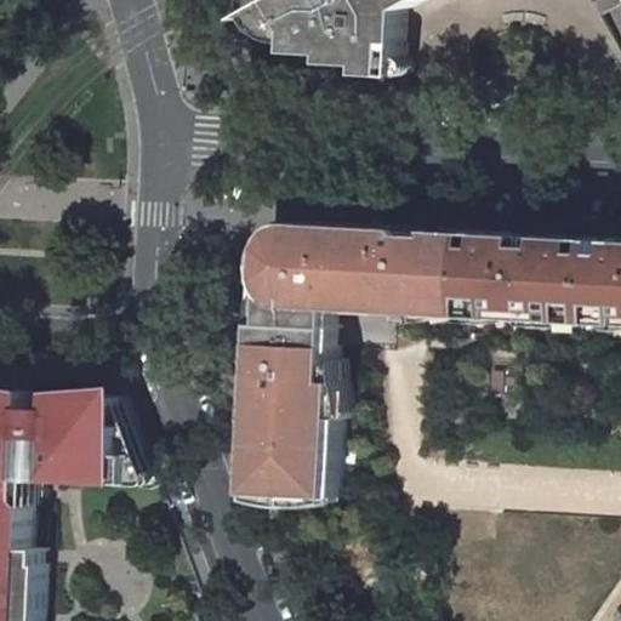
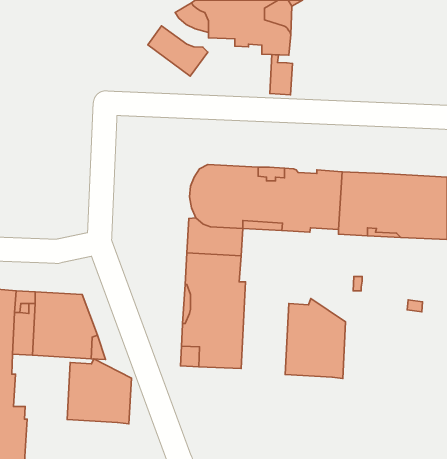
building: none -> [148,26,208,76]
building: none -> [270,55,292,95]
building: none -> [285,299,346,379]
building: none -> [67,359,131,424]

